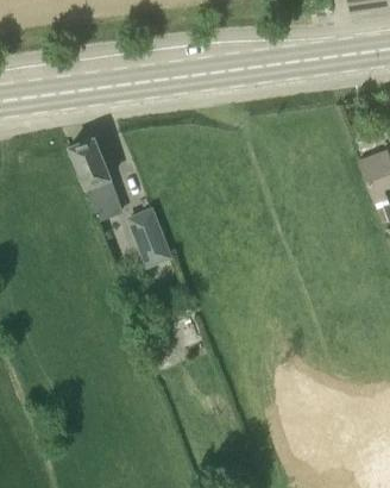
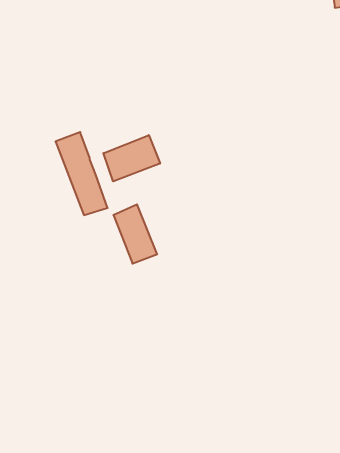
building: none -> [103,135,160,181]

